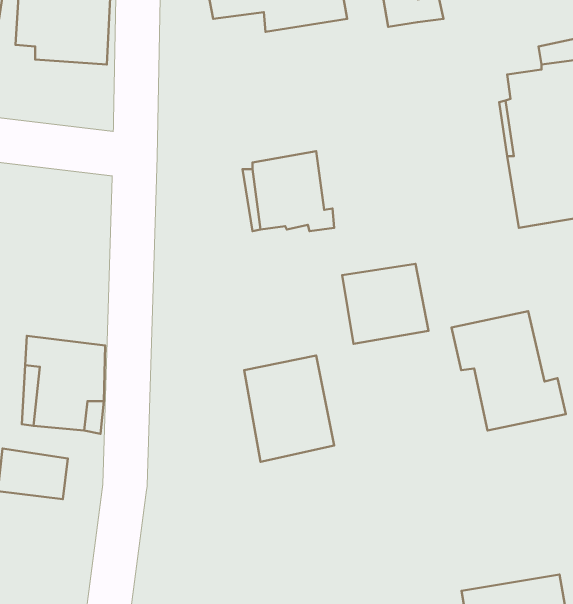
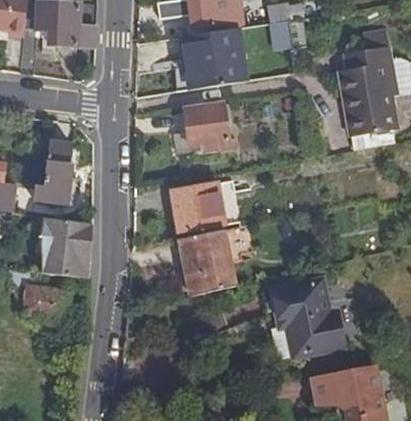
building: none -> [175,28,244,90]
building: none -> [34,137,72,203]
building: [342,264,429,344] -> [171,181,225,231]
building: [451,311,566,431] -> [274,279,345,353]

